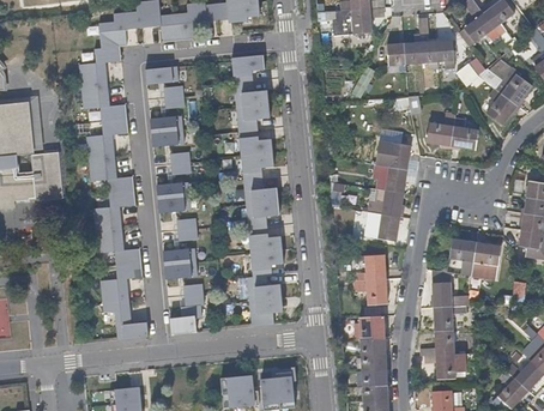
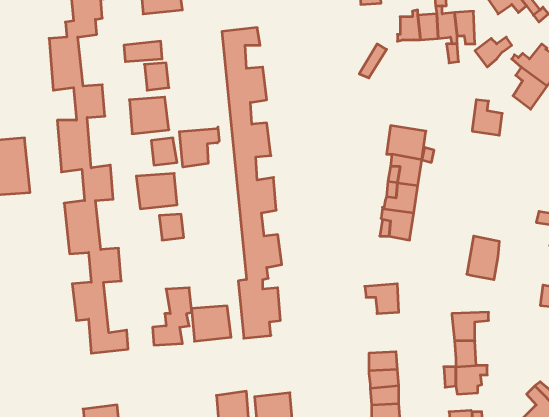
building: [428,111,457,145] -> none
building: none -> [179,127,219,167]
building: [471,242,501,279] -> none
building: [163,248,198,279] -> [192,306,231,341]
building: [357,255,386,282] -> none
building: [433,268,469,306] -> none
building: [359,316,385,340] -> none

